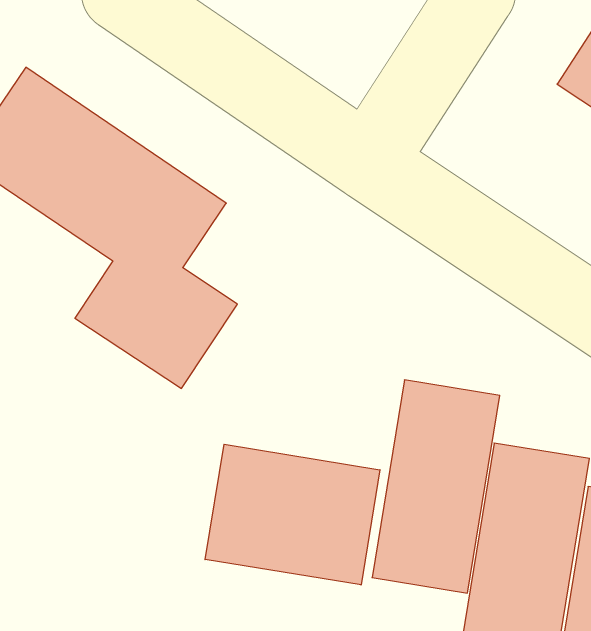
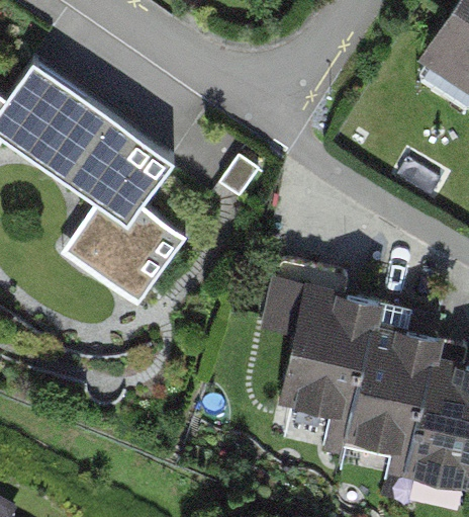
building: [205,444,380,585] -> none

